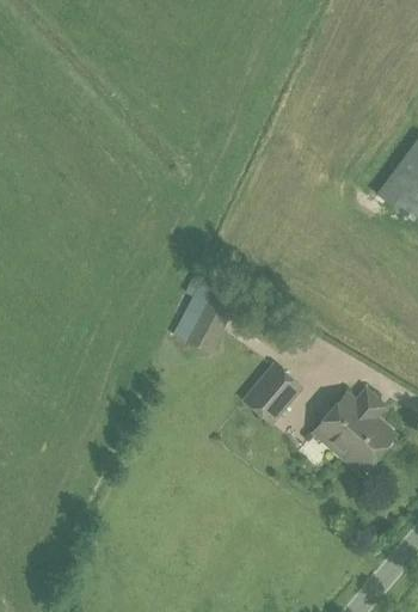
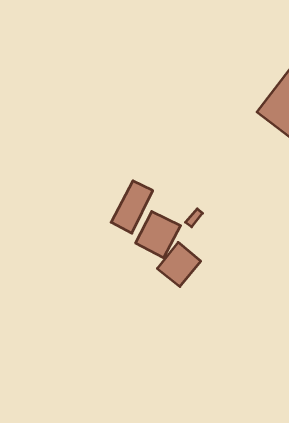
building: none -> [136,211,181,258]
building: [315,387,392,470] -> none

